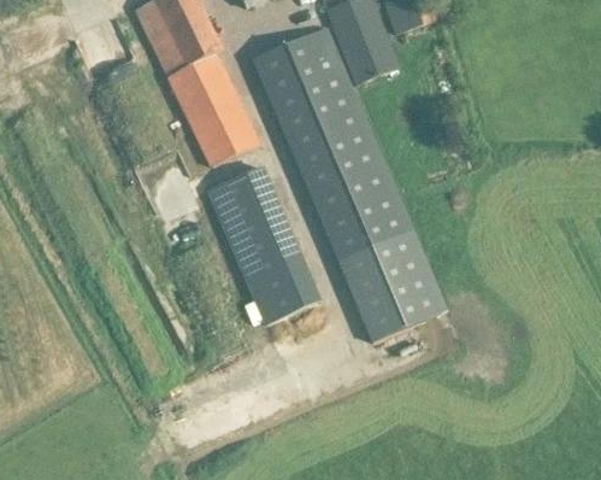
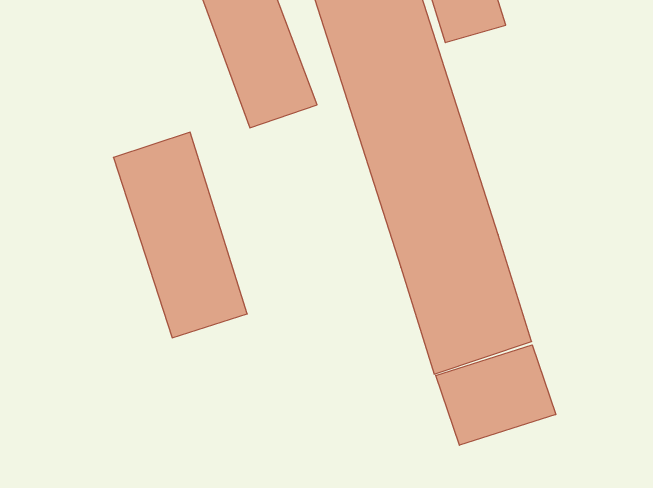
building: [207,164,323,326] -> [113,132,247,338]
building: none -> [436,345,556,445]

